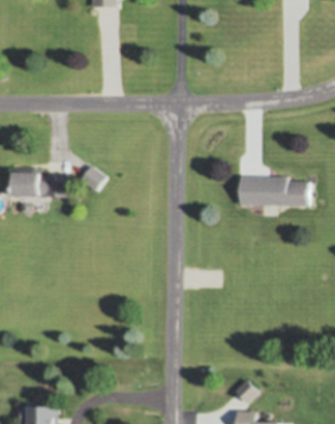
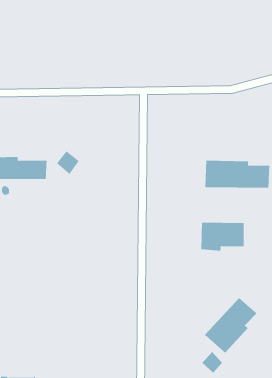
building: none -> [201,222,244,252]
building: none -> [204,297,257,354]

